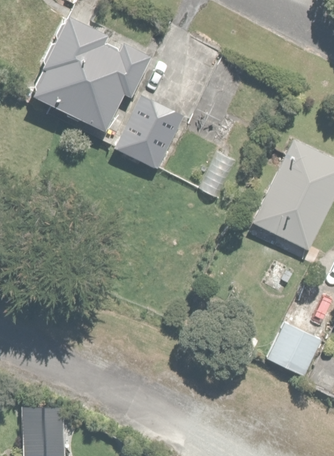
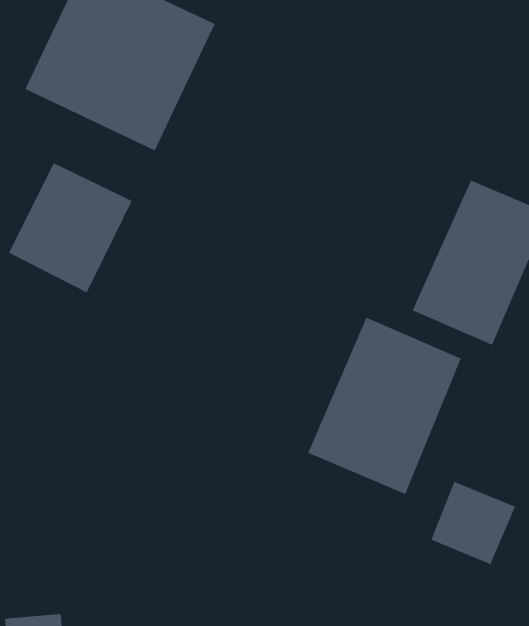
building: [115,98,189,176] -> [8,162,132,293]
building: none -> [307,317,461,495]

